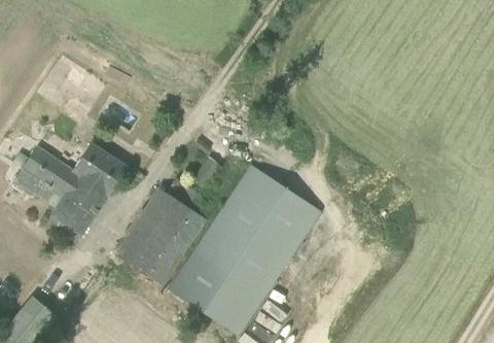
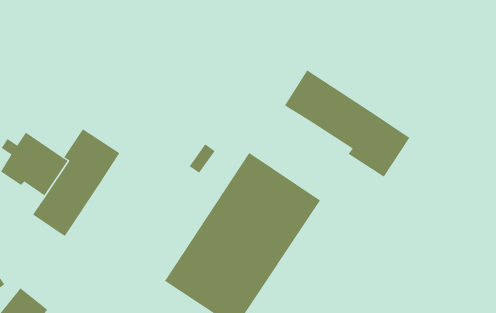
building: none -> [284,69,410,178]
building: [113,178,206,287] -> none

